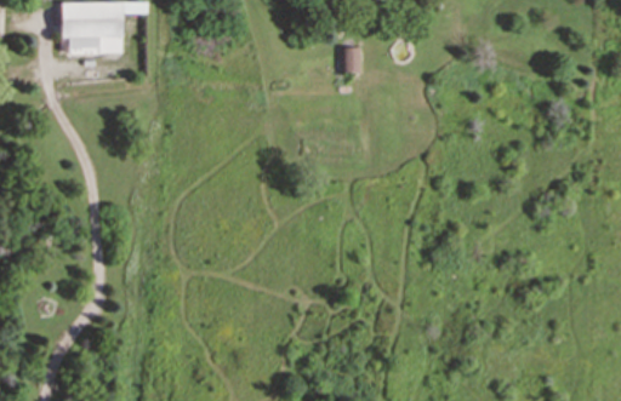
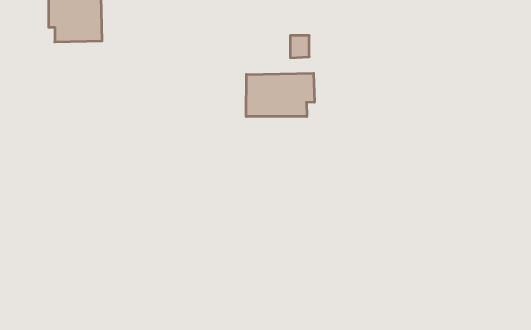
building: none -> [246,73,314,117]

